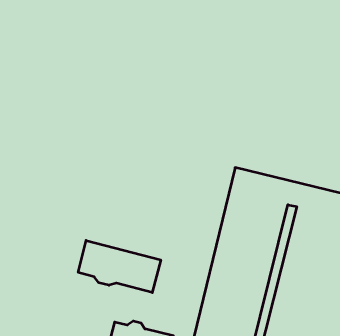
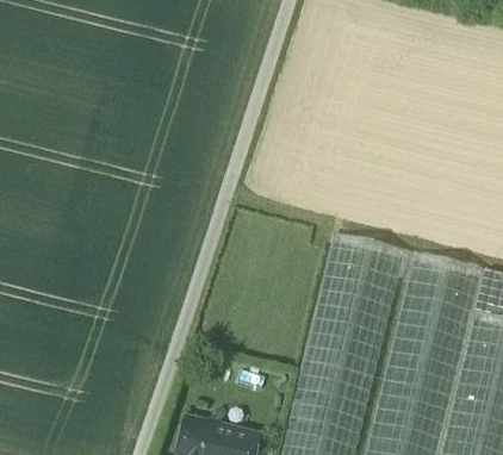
building: [78,240,161,293] -> none

